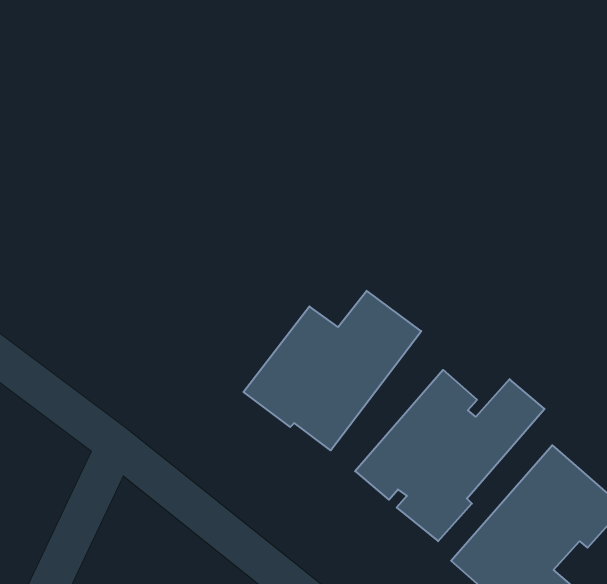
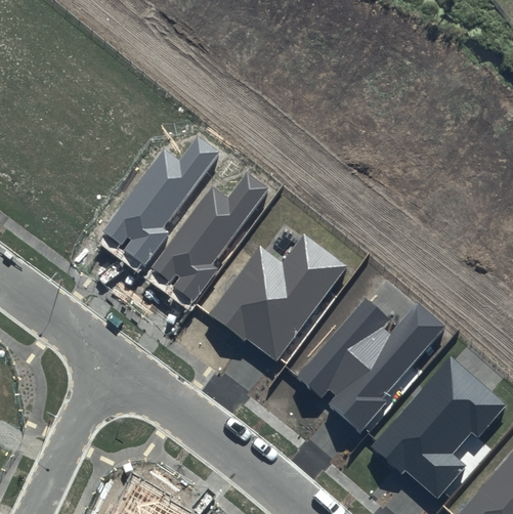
building: none -> [100,136,220,265]
building: none -> [151,172,269,303]

